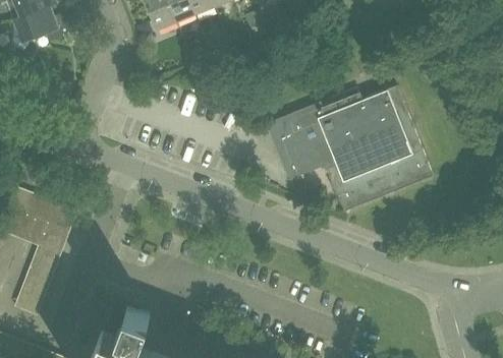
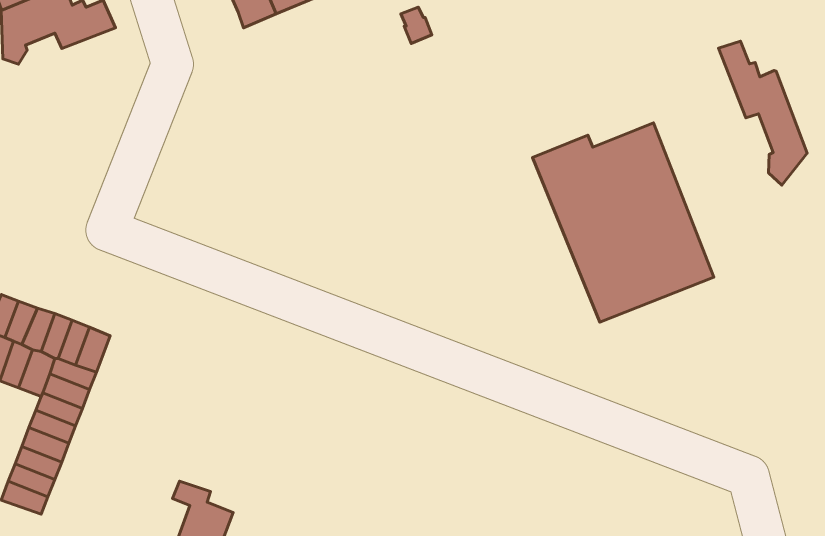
building: none -> [718,41,807,185]
building: [266,104,365,213] -> none

